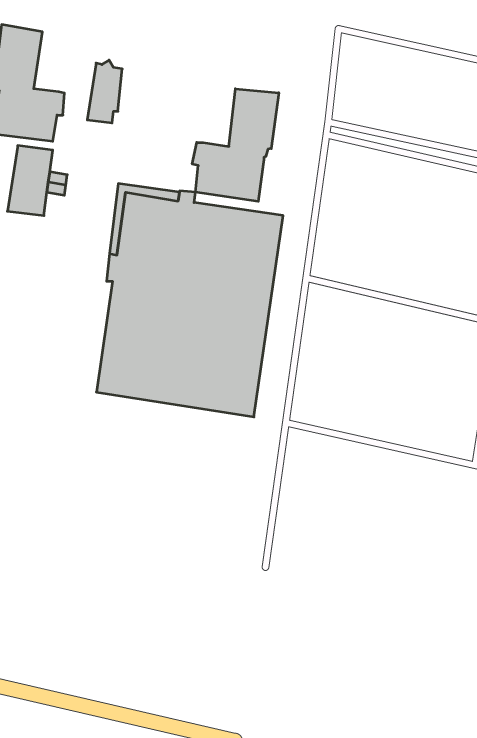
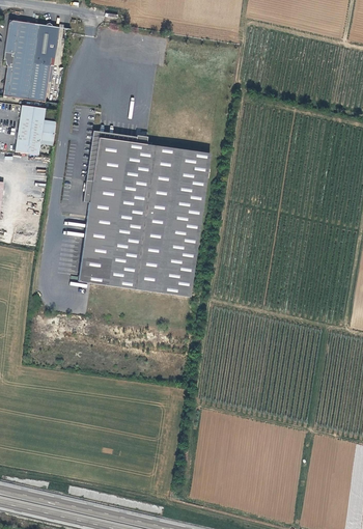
building: [87,60,122,123] -> [34,21,59,65]
building: [192,89,279,201] -> none

